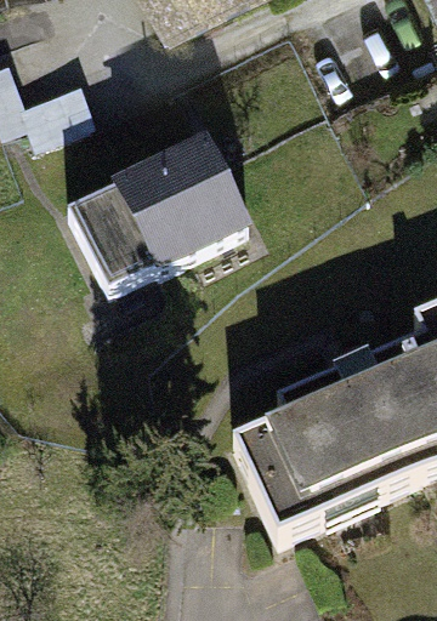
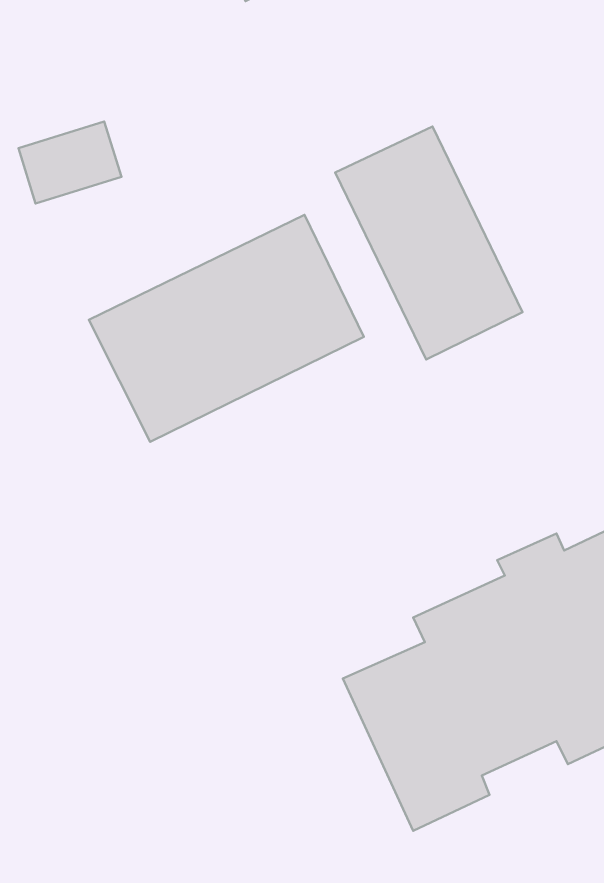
building: none -> [335,126,522,359]

